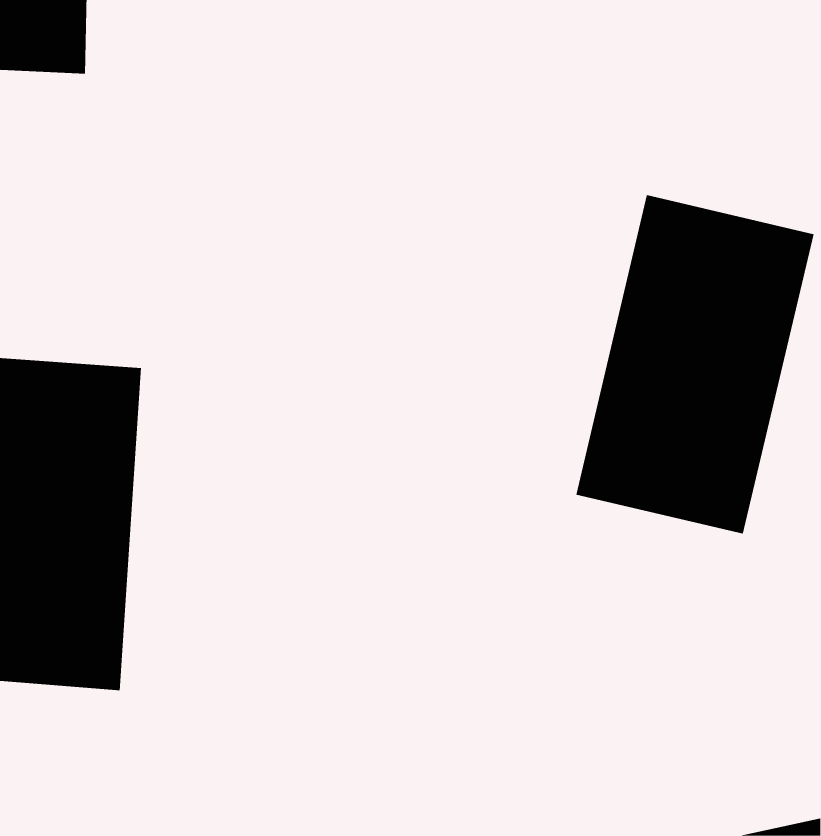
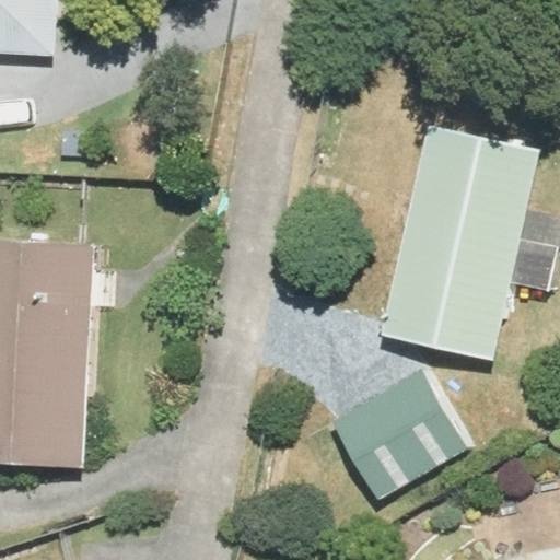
building: none -> [318,390,441,512]

